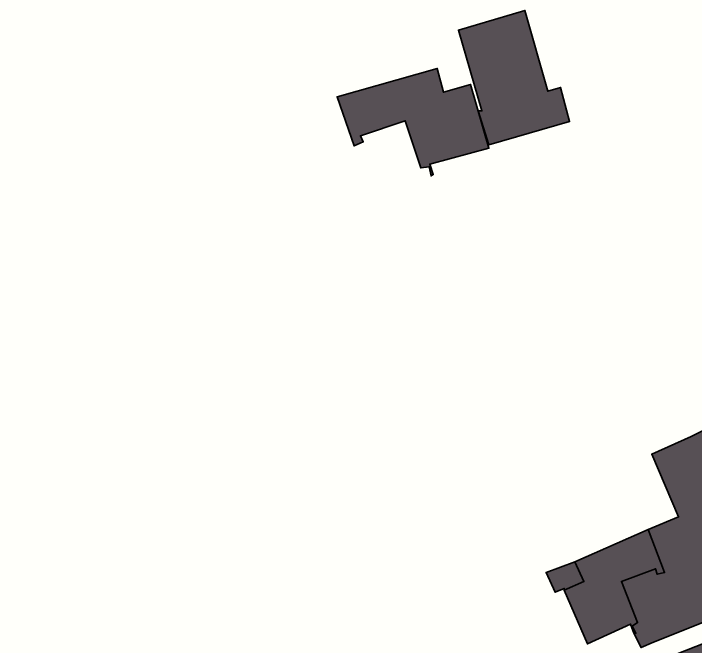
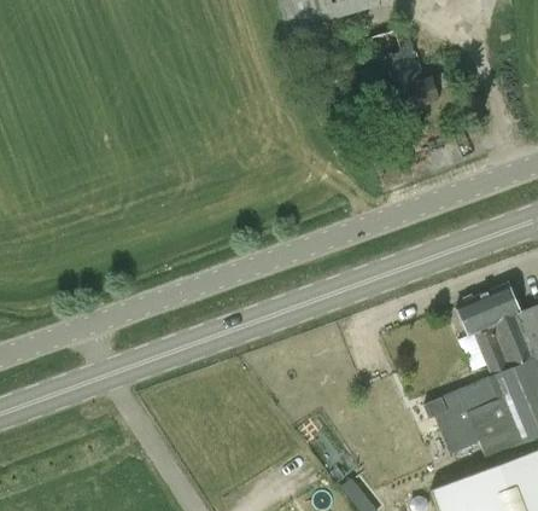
building: [337,68,489,176] -> none
building: none -> [457,284,521,376]

